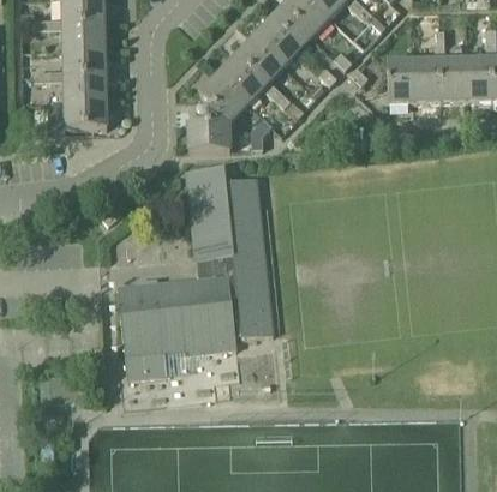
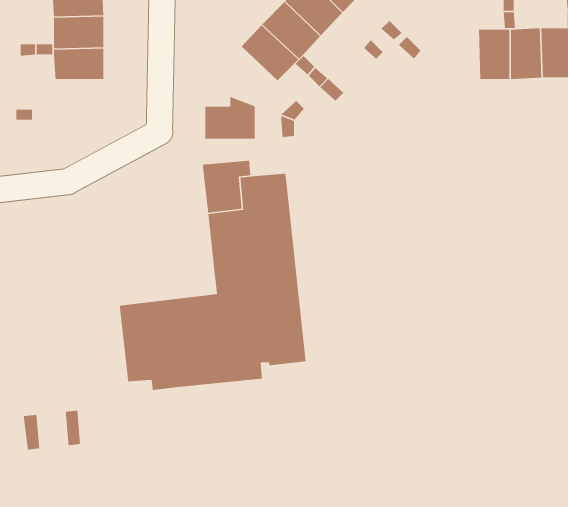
building: [388,59,415,102] -> none
building: [199,73,248,122] -> none
building: [65,101,107,128] -> none
building: [125,349,167,379] -> none

